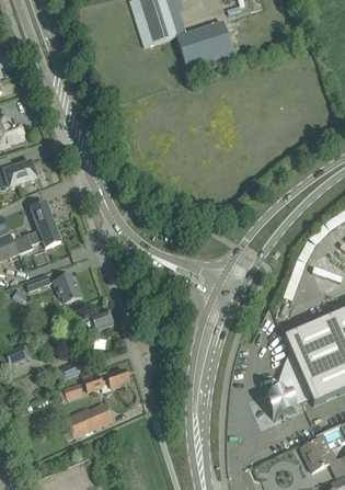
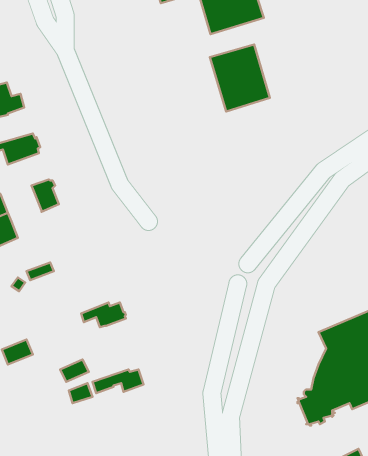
building: none -> [210,45,270,111]
building: [12,223,61,252] -> none
building: [53,273,81,303] -> none
building: [64,401,113,438] -> none

